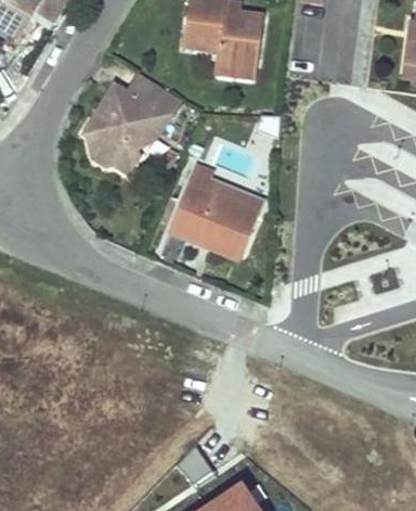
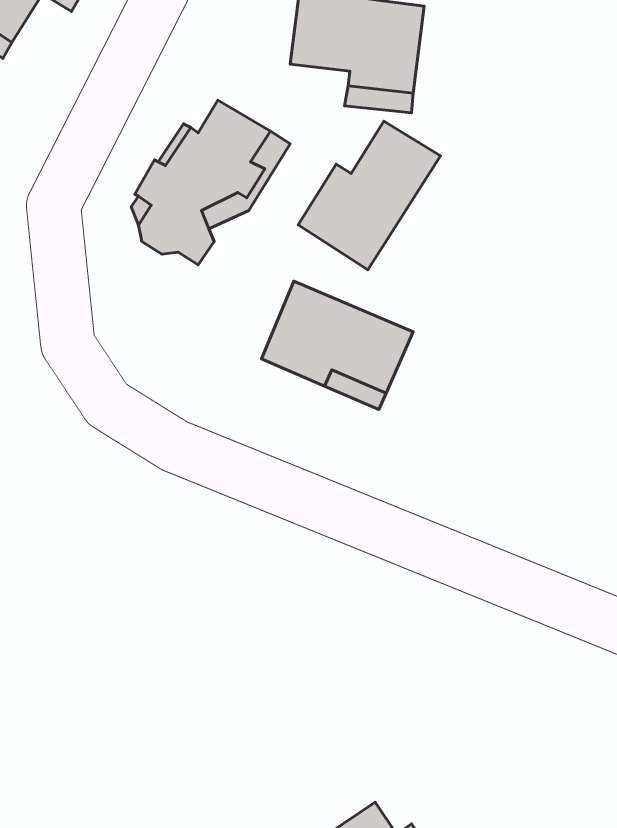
building: none -> [298,121,440,270]

